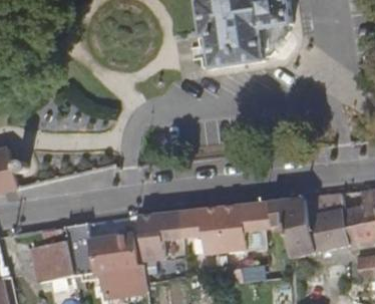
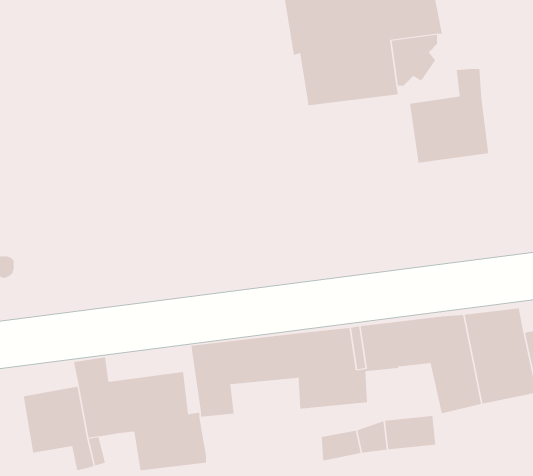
building: none -> [409,68,489,164]

